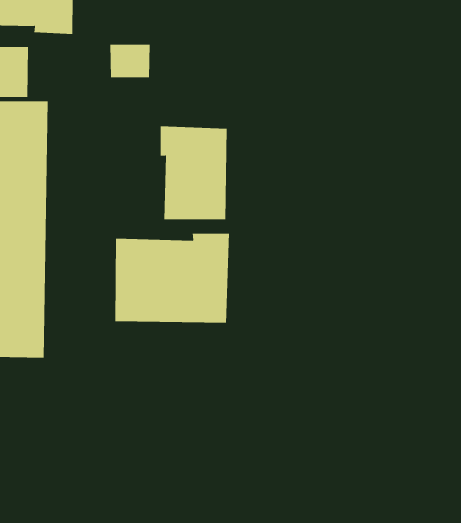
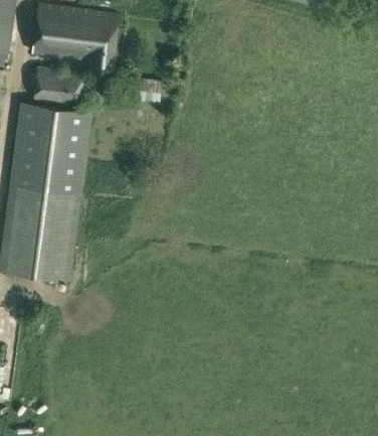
building: [160,126,227,220] -> none
building: [115,233,230,324] -> none

